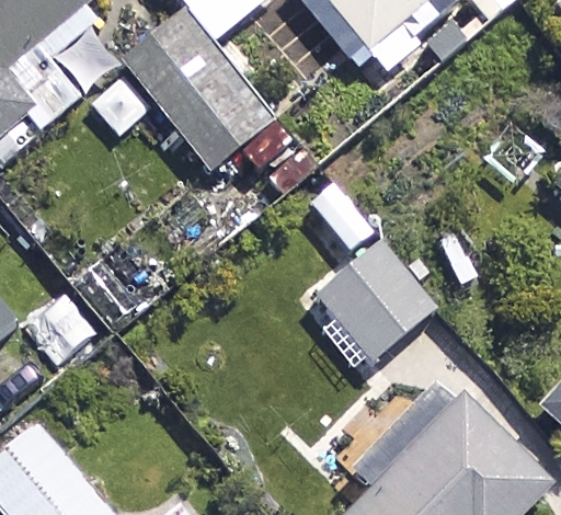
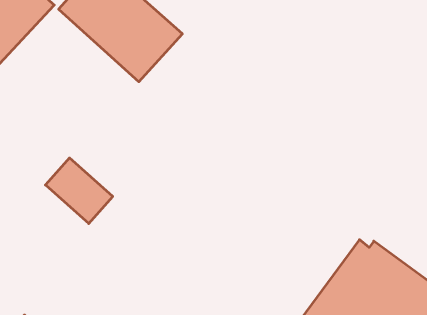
building: [314,242,435,363] -> none

